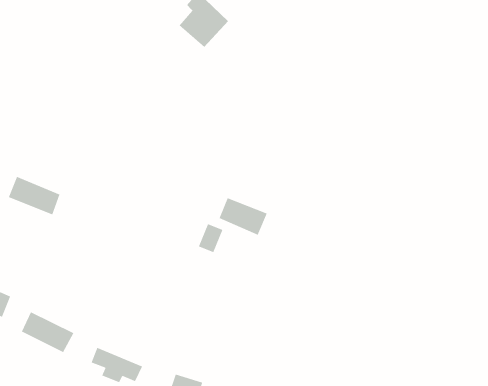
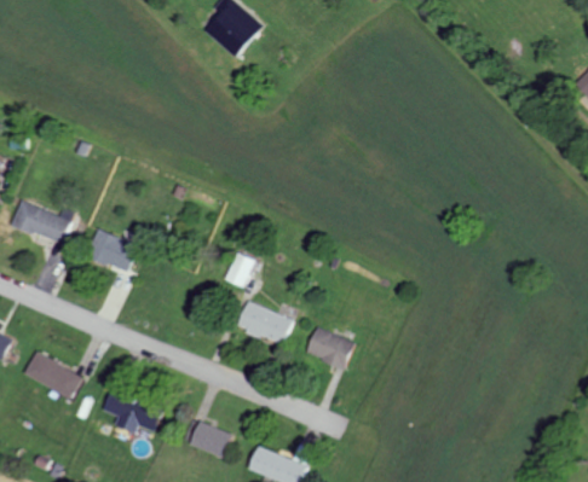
building: [219,197,268,236] -> [237,301,293,344]
building: none -> [87,228,138,272]
building: none -> [307,327,354,367]

